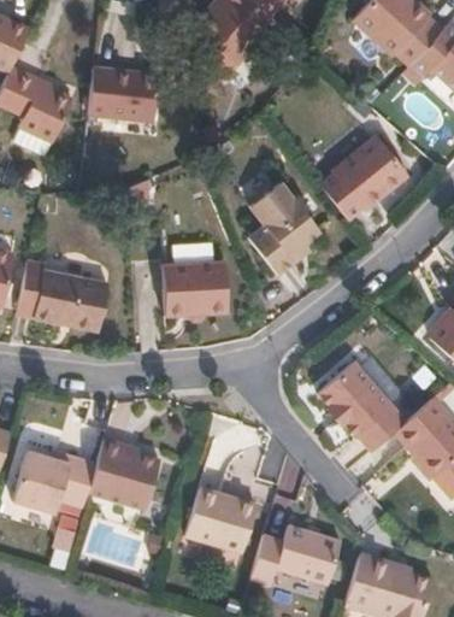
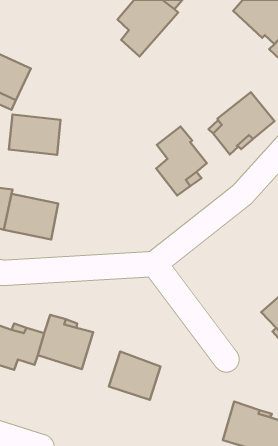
building: [92,65,163,121] -> [9,114,61,155]
building: [165,262,232,316] -> none
building: [313,359,403,451] -> none
building: [247,525,336,588] -> none

